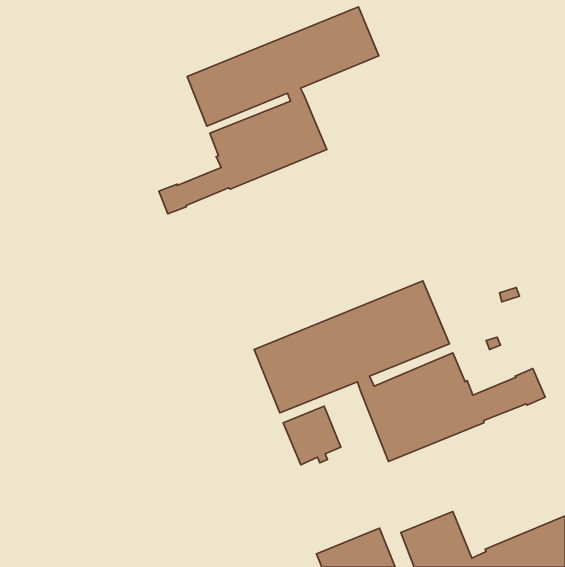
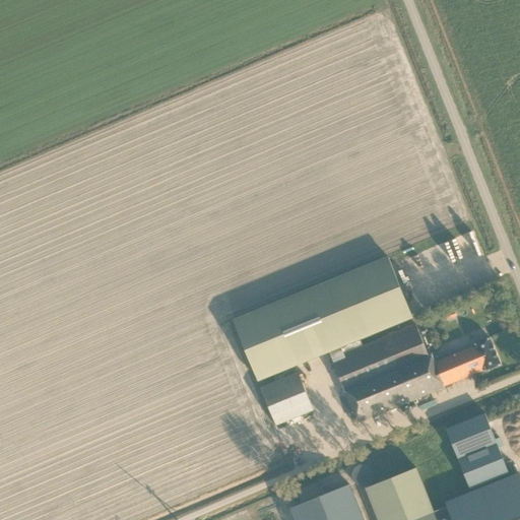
building: [159,7,379,214] -> none
building: none -> [445,412,508,489]

